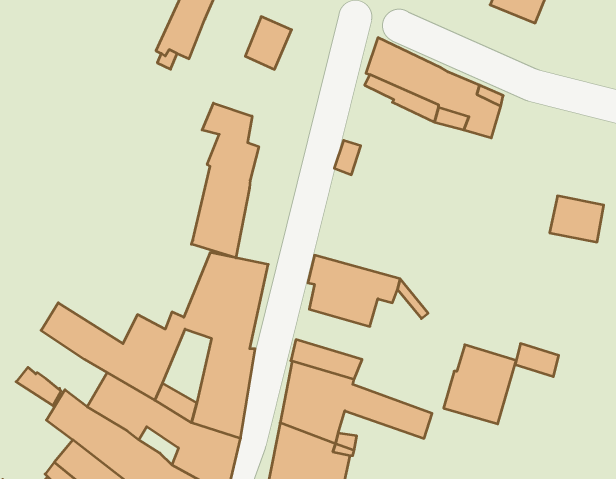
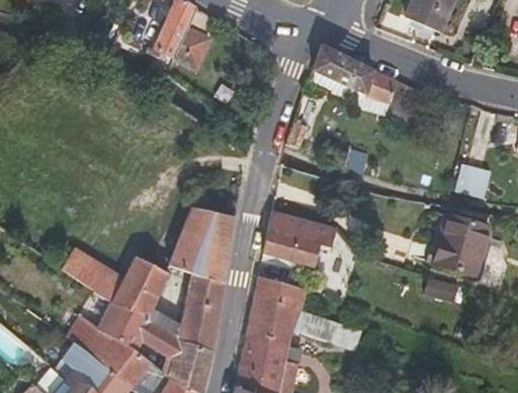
building: [245,17,292,69] -> [175,29,210,70]
building: [191,103,259,258] -> none
building: [444,345,516,424] -> [432,216,488,277]

